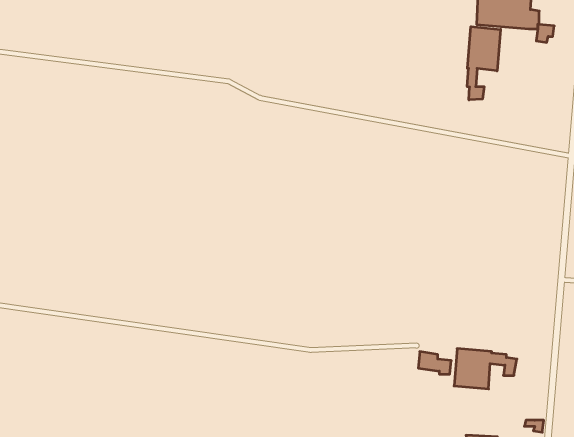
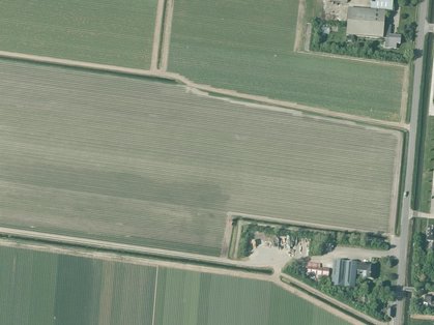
building: [467,27,501,100] -> none

